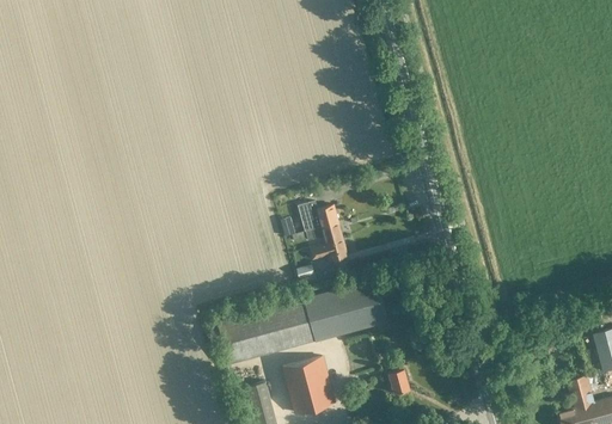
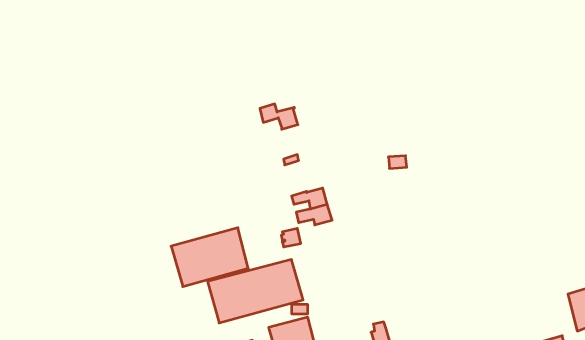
building: [299,203,338,229] -> [260,104,298,129]
building: [306,279,386,340] -> [171,228,248,287]

